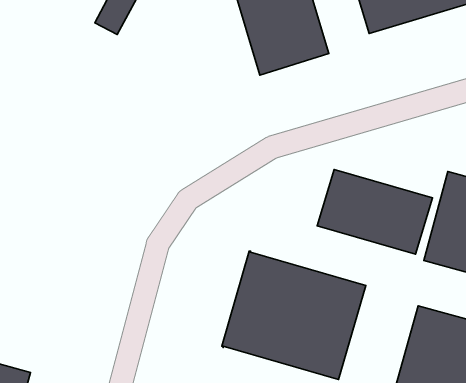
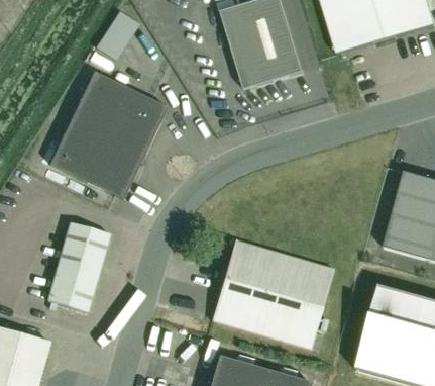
building: none -> [49,72,161,198]
building: [317,169,433,254] -> none
building: none -> [47,221,109,311]

